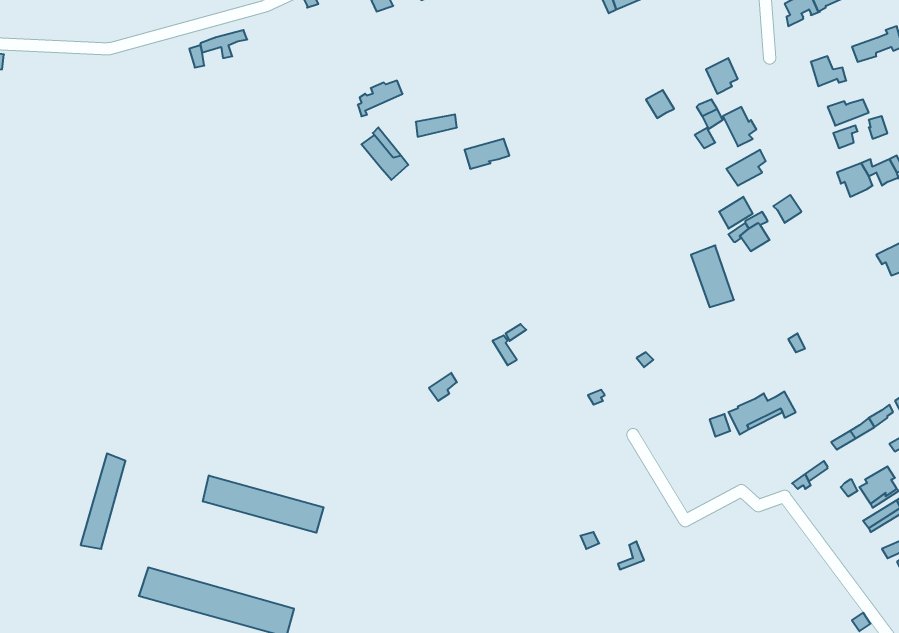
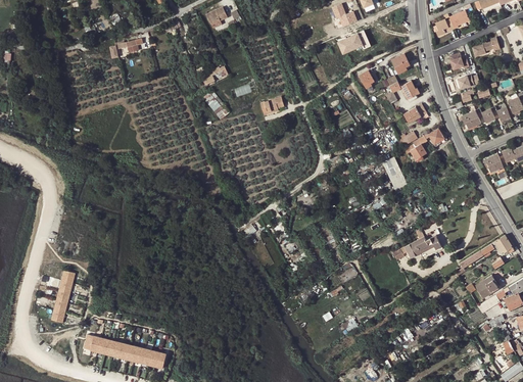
building: none -> [336,31,370,55]
building: [203,475,324,533] -> none

